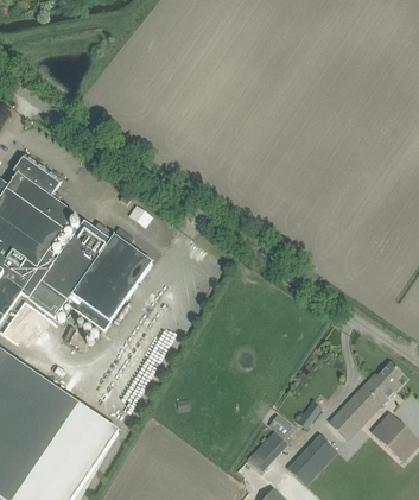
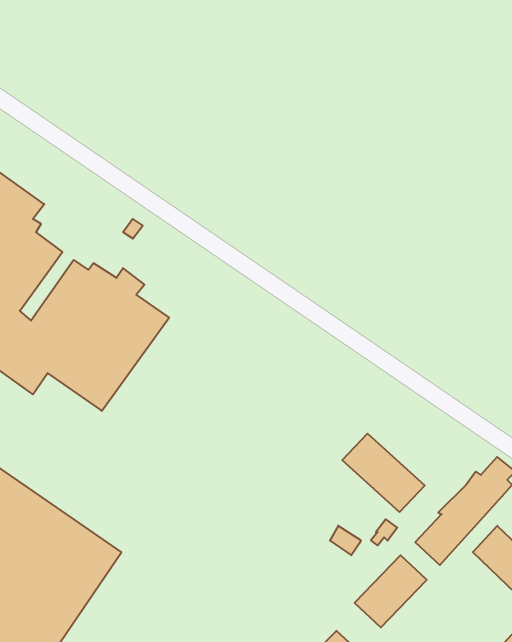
building: none -> [342,434,425,512]
building: [248,430,287,470] -> none

